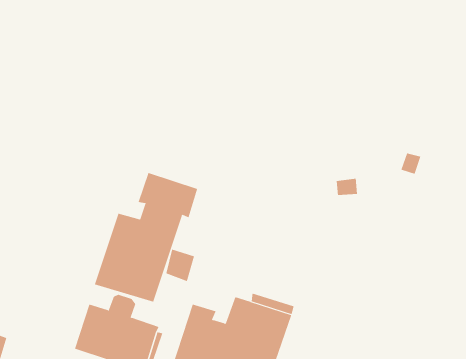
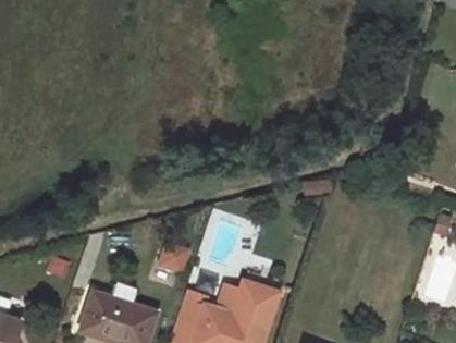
building: [94,172,198,303] -> none

